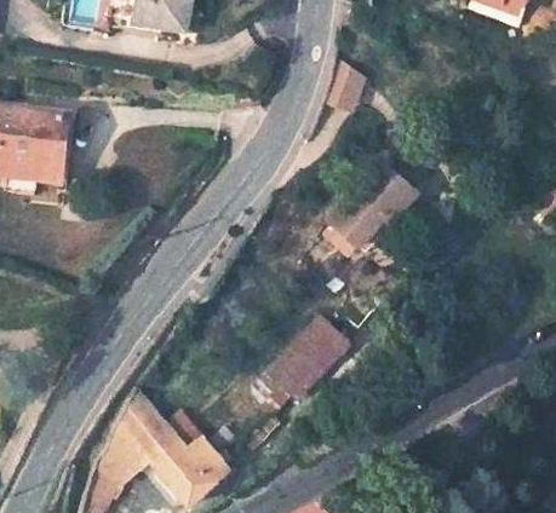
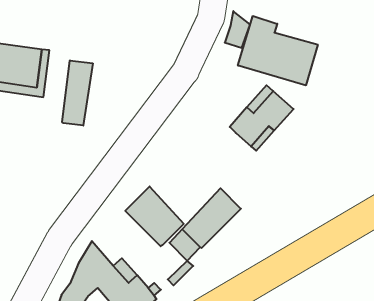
building: none -> [238,16,318,85]
building: none -> [62,60,93,126]
building: none -> [125,186,184,246]

